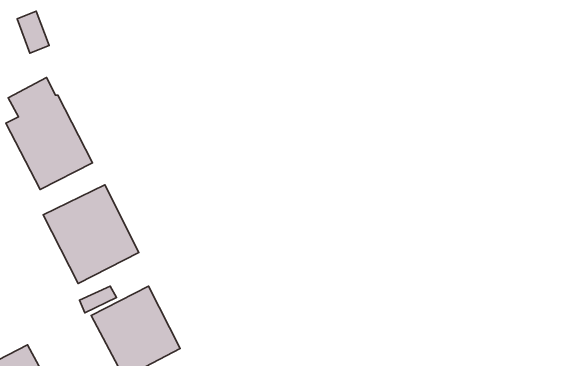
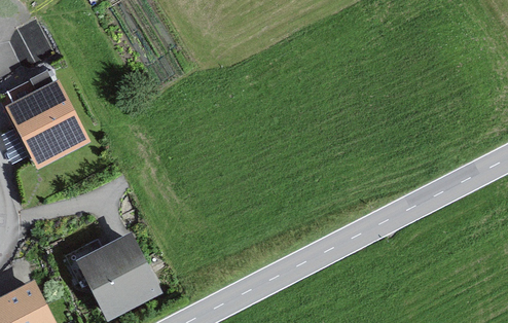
building: [43,185,139,284] -> none

